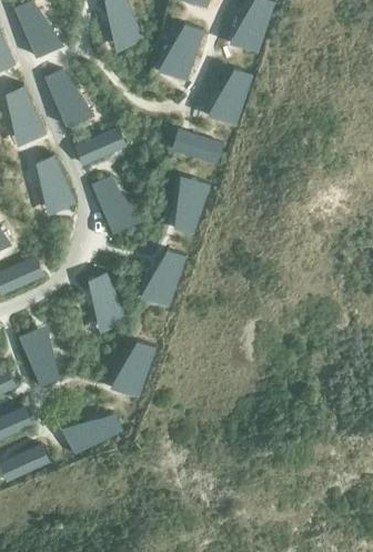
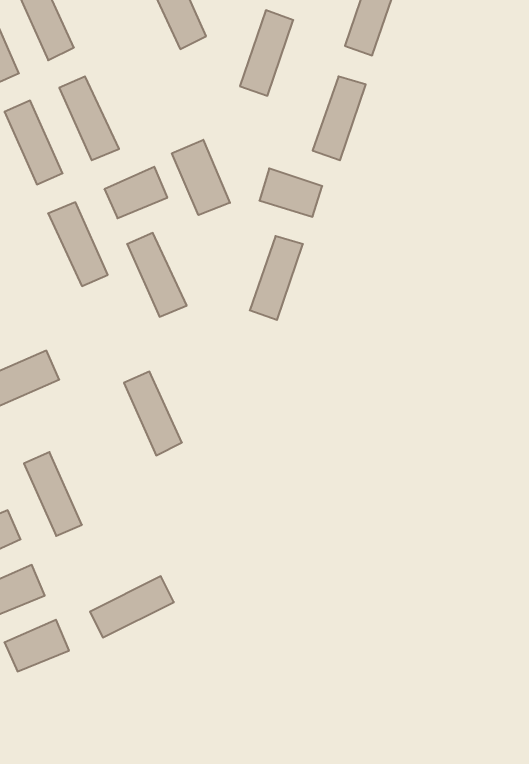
building: none -> [172,140,230,215]
building: [149,249,185,307] -> none
building: [118,340,154,399] -> none

